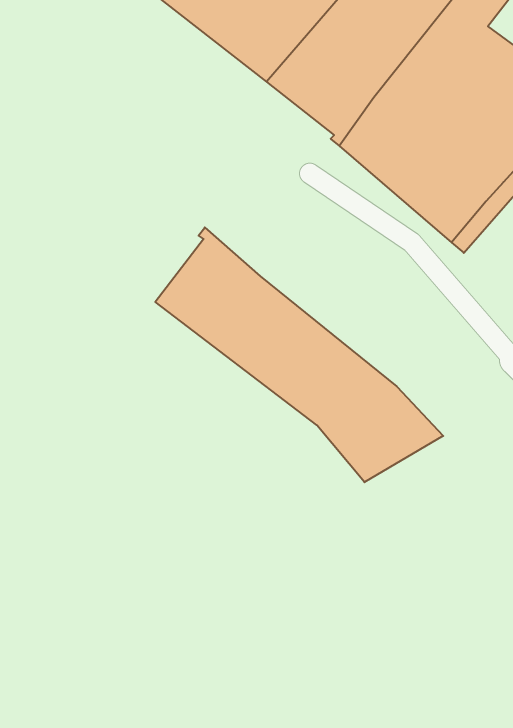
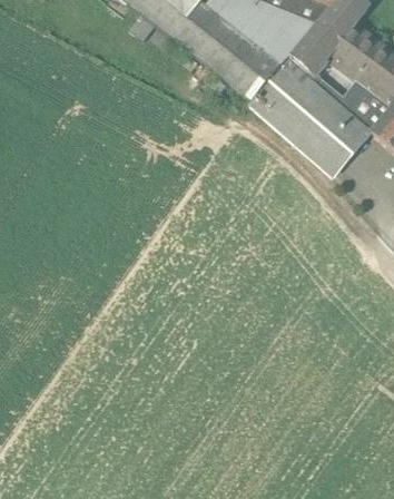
building: [155,227,443,482] -> none

